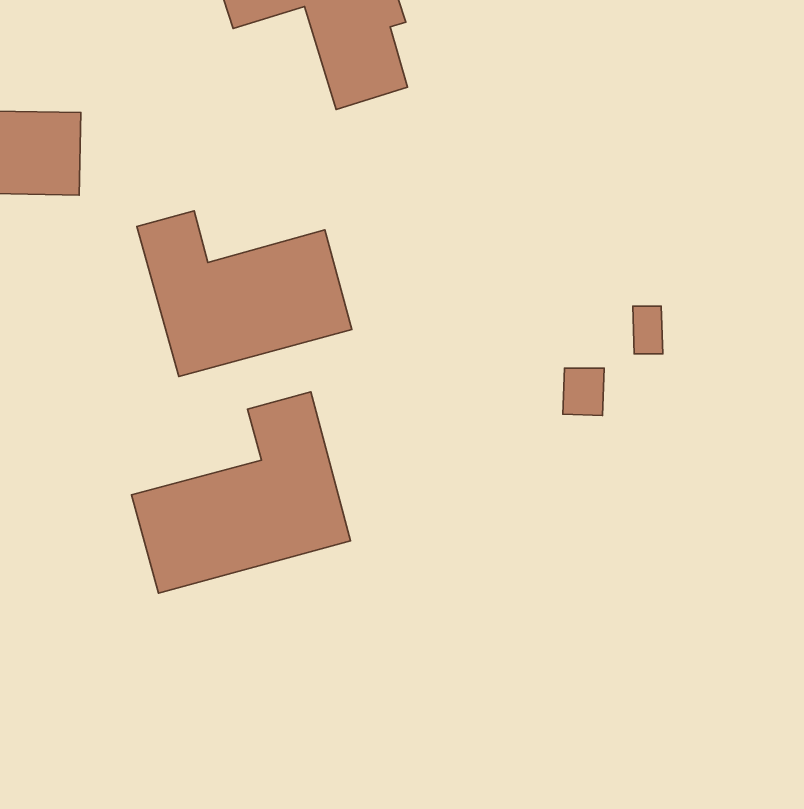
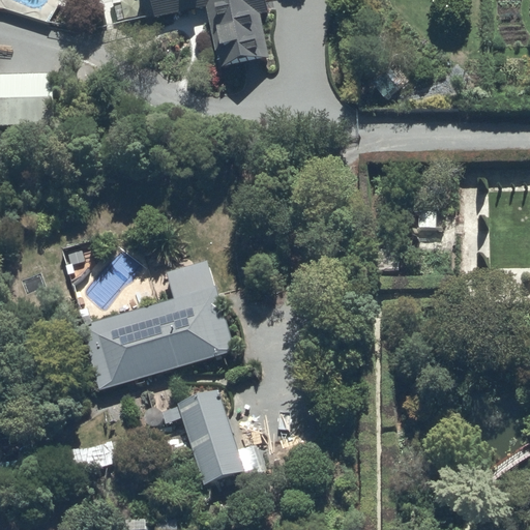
building: [137,211,352,377] -> none
building: none -> [172,386,248,489]

